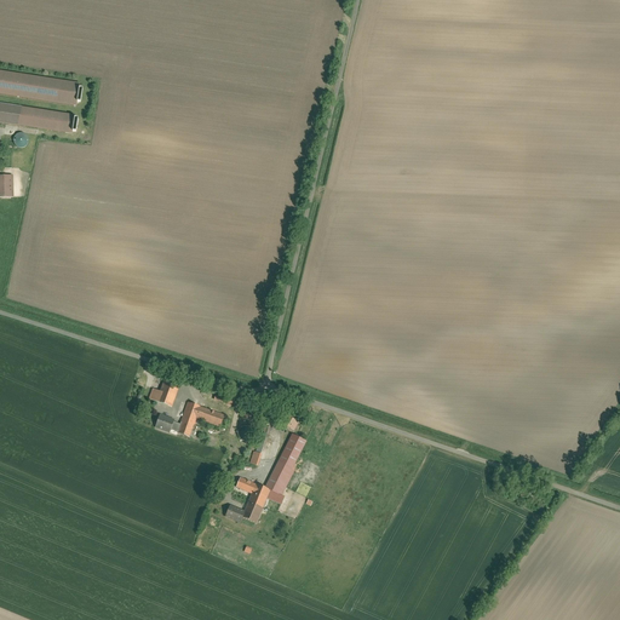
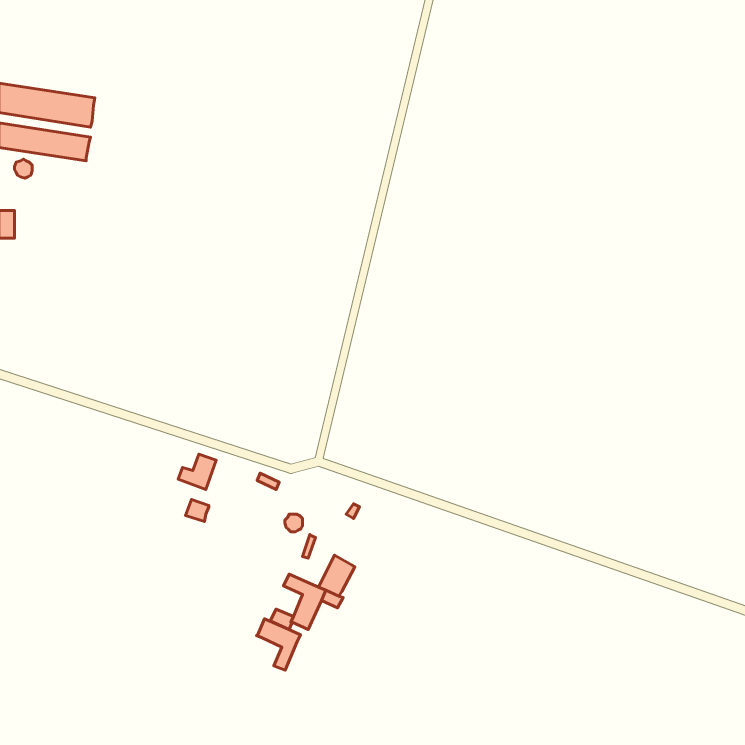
building: [177,401,223,436] -> none
building: [277,432,306,469] -> none
building: none -> [257,619,301,670]

